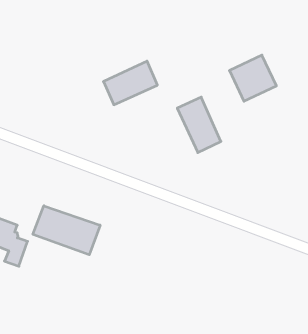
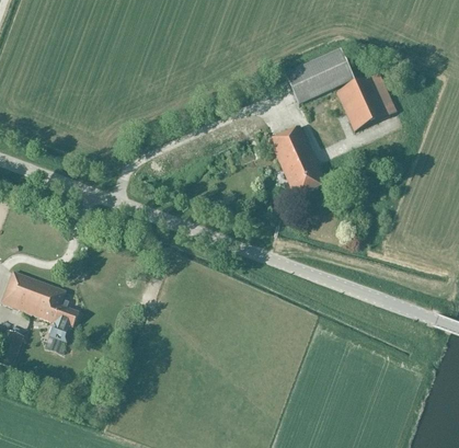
building: [103,61,157,105] -> [285,47,354,103]
building: [33,206,100,255] -> none

